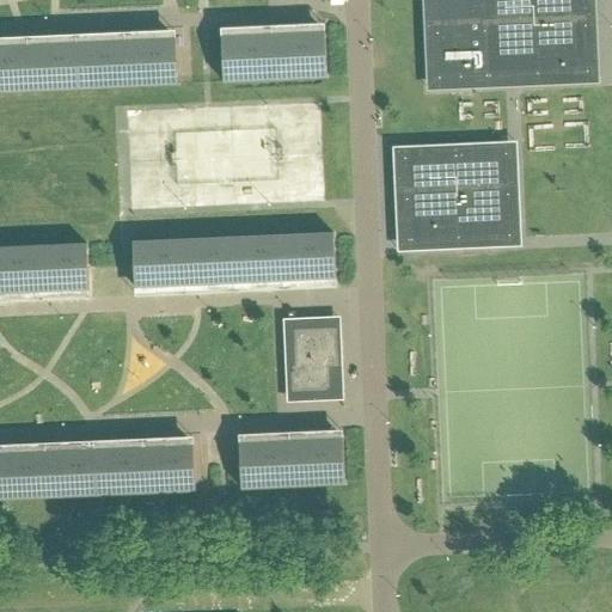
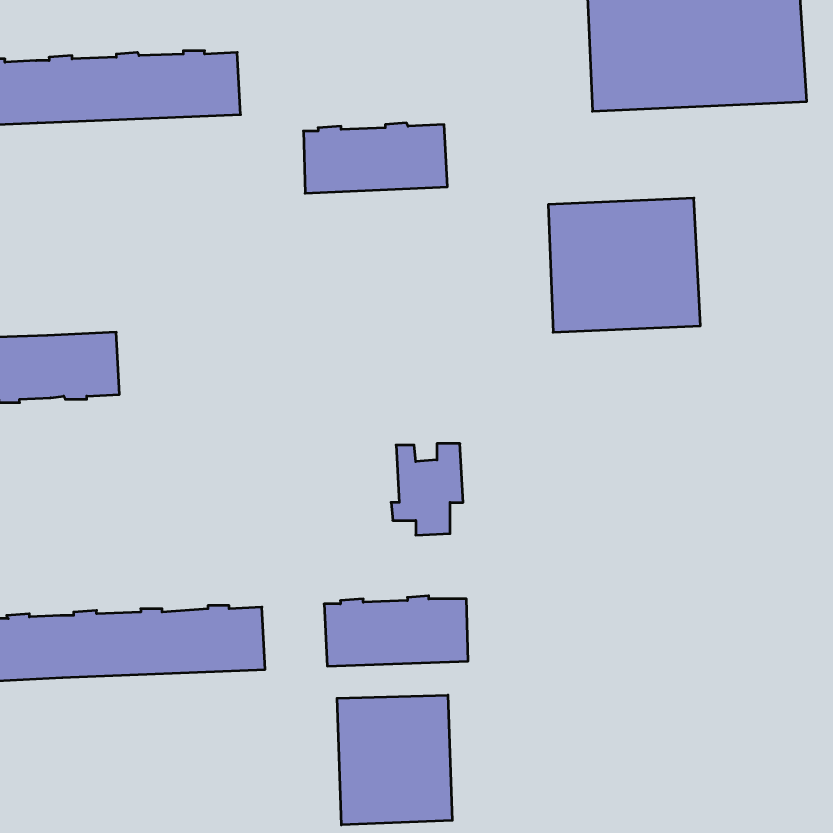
building: [221,29,326,80] -> [303,123,447,193]
building: [130,232,333,288] -> none
building: none -> [337,695,452,825]

